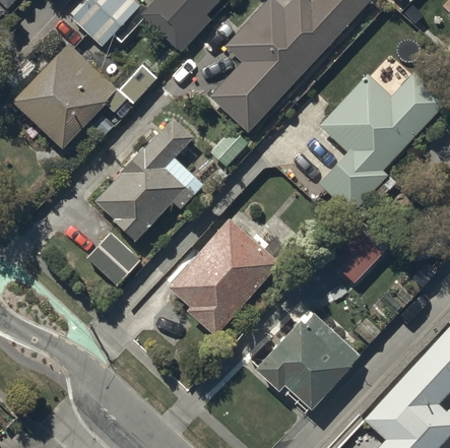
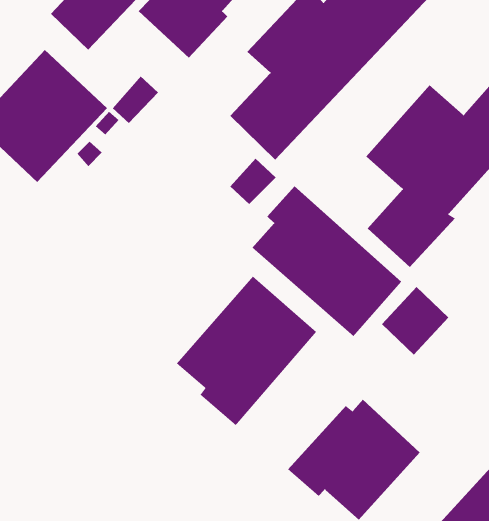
building: [92,117,201,242] -> none
building: none -> [251,186,402,337]
building: [86,233,140,285] -> none

